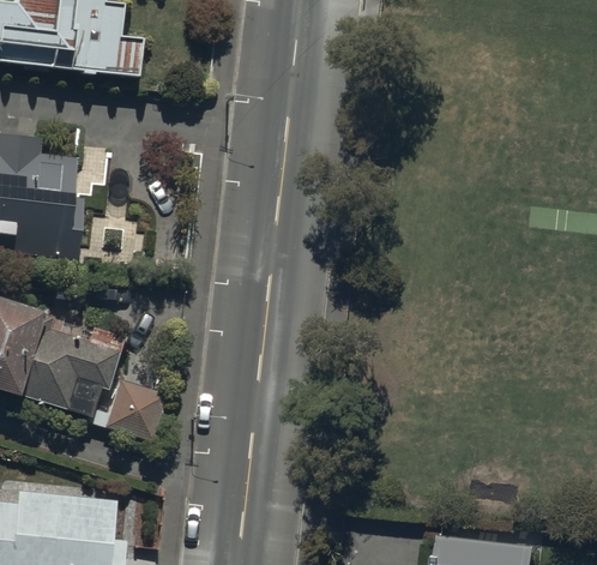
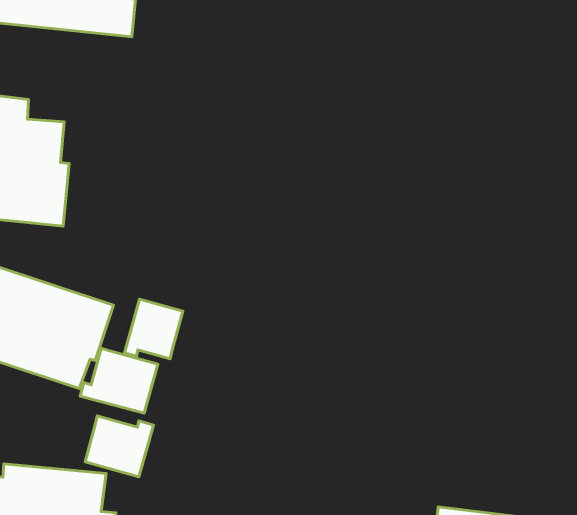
building: none -> [125,299,183,359]
building: none -> [85,416,154,477]

